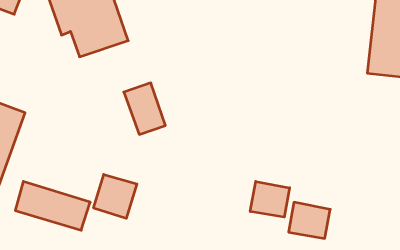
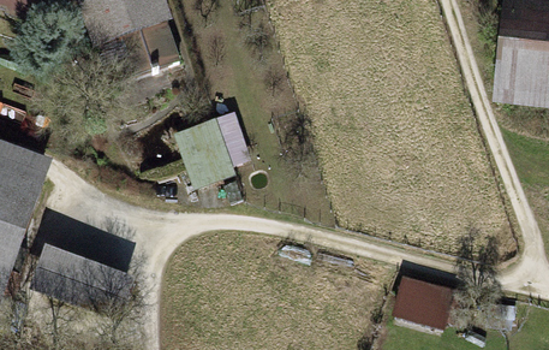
building: [94,174,137,218] -> none
building: [250,181,290,217] -> none

